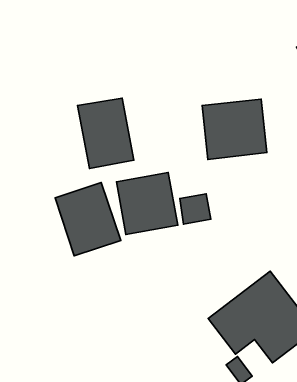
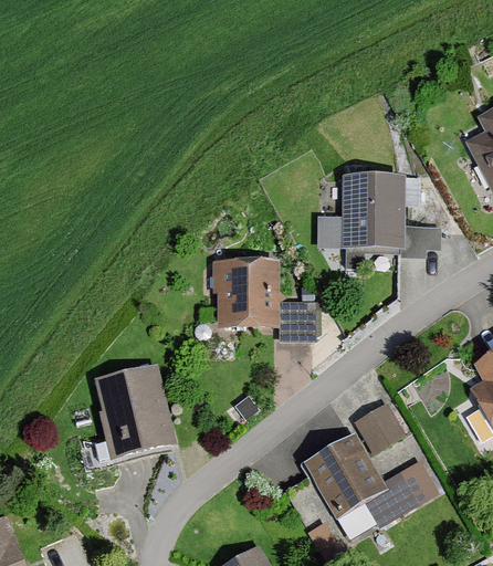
building: [78,98,134,168] -> none
building: [55,183,121,256] -> [90,365,167,455]

